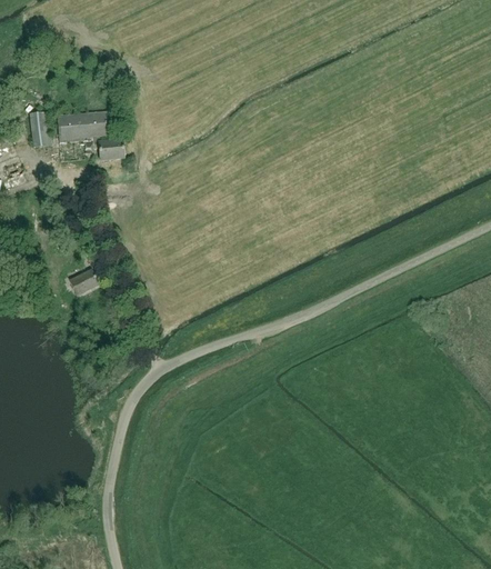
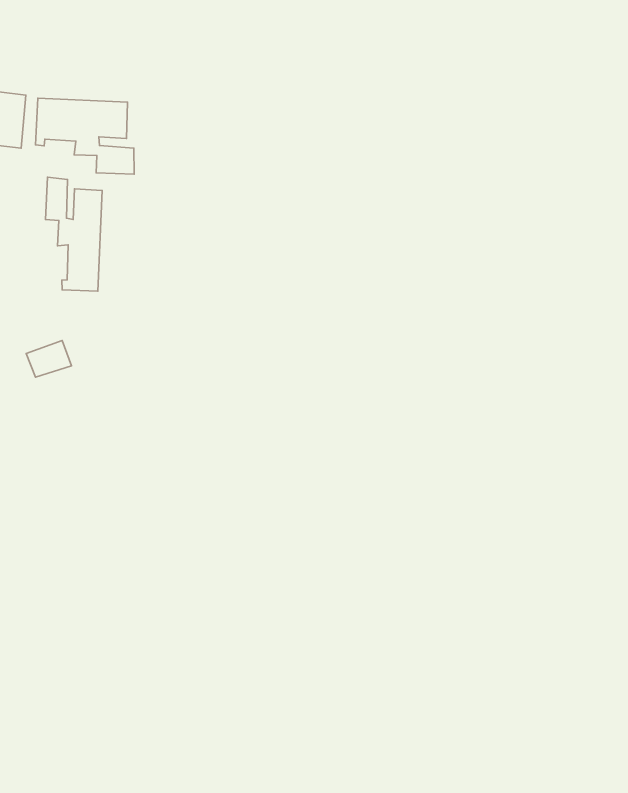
building: none -> [45,177,102,291]

